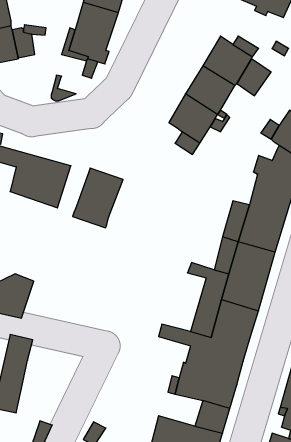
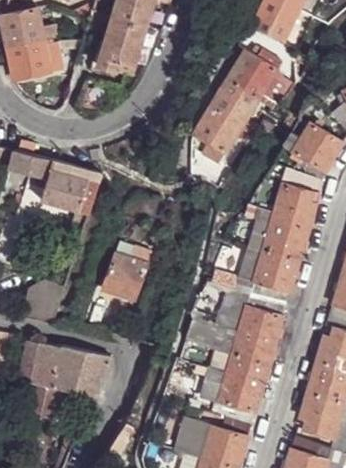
building: [73,168,123,228] -> [102,242,151,300]
building: none -> [53,345,111,398]

